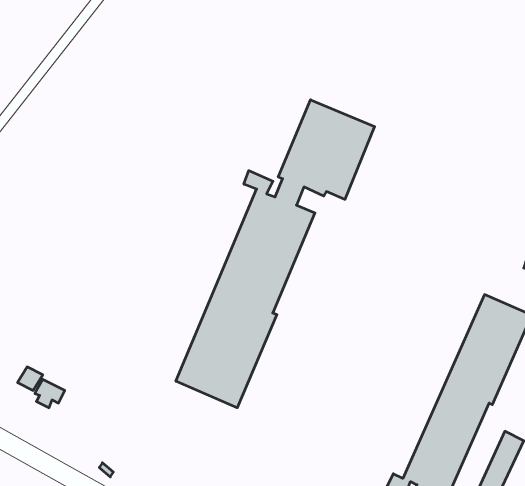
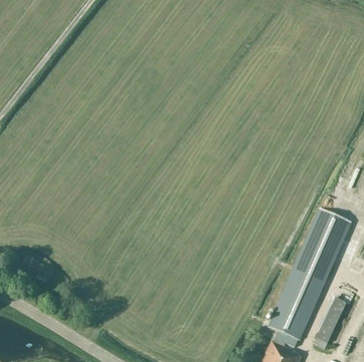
building: [176,100,375,408] -> none

